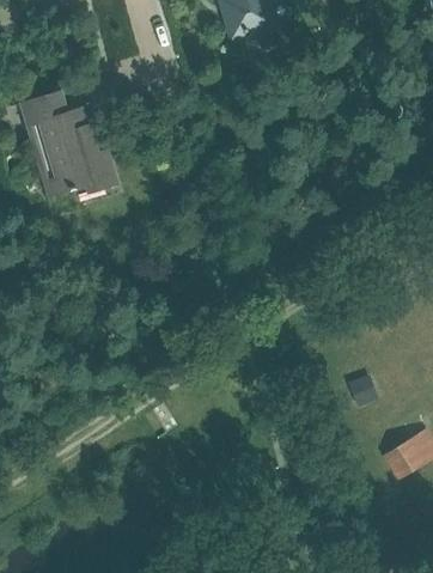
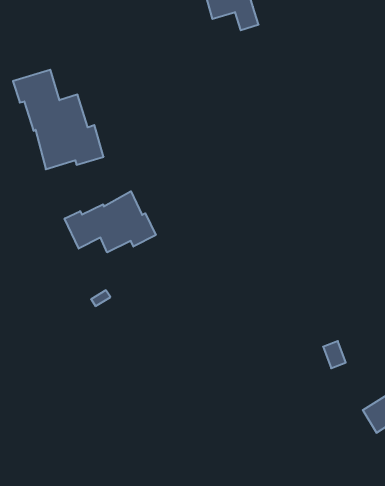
building: none -> [65,191,156,252]

